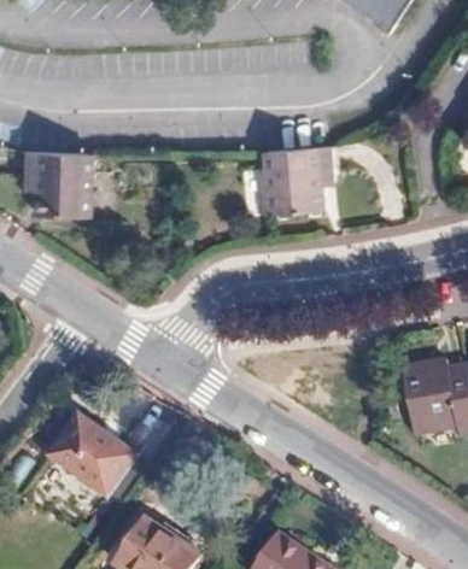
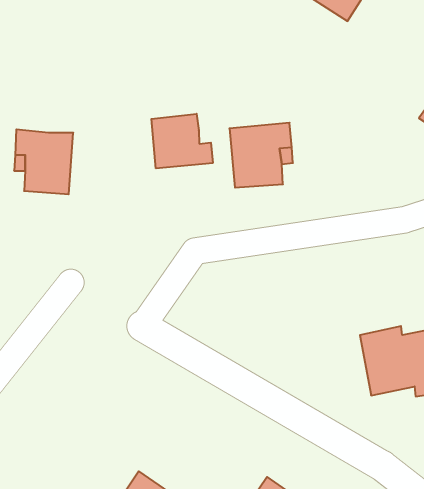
building: none -> [151,114,213,168]
building: [60,417,152,501] -> none

